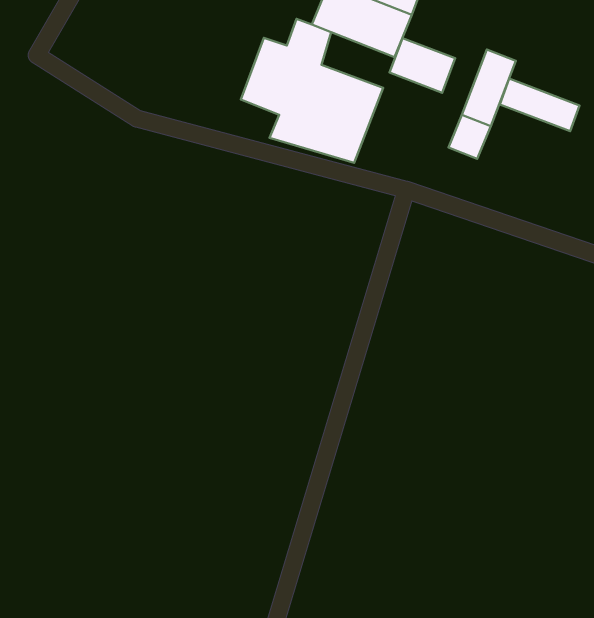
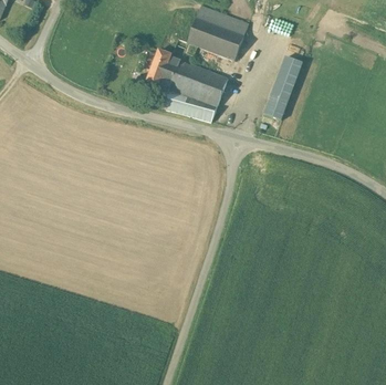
building: [390,38,455,93] -> none
building: [500,78,580,131] -> none

